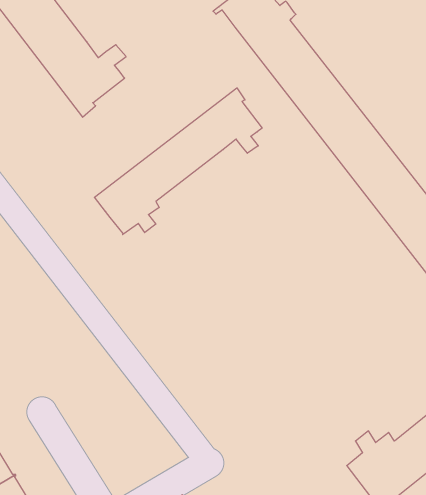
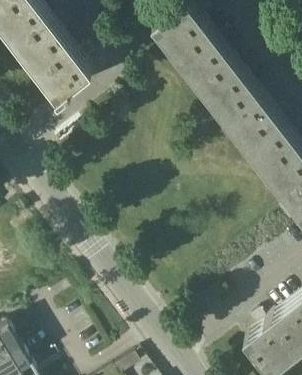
building: [94,88,262,235] -> none

